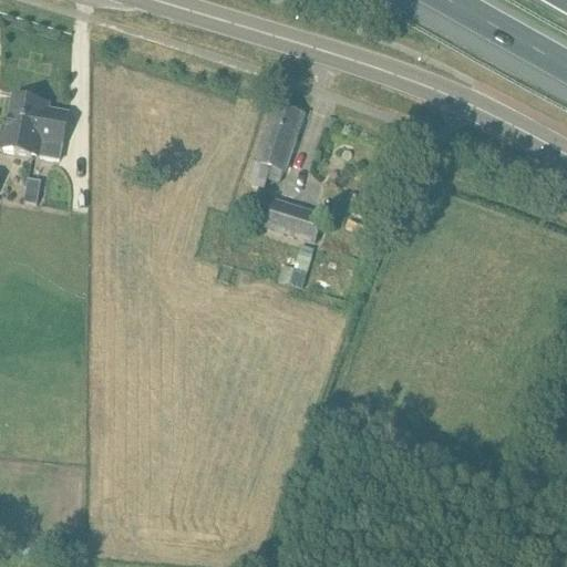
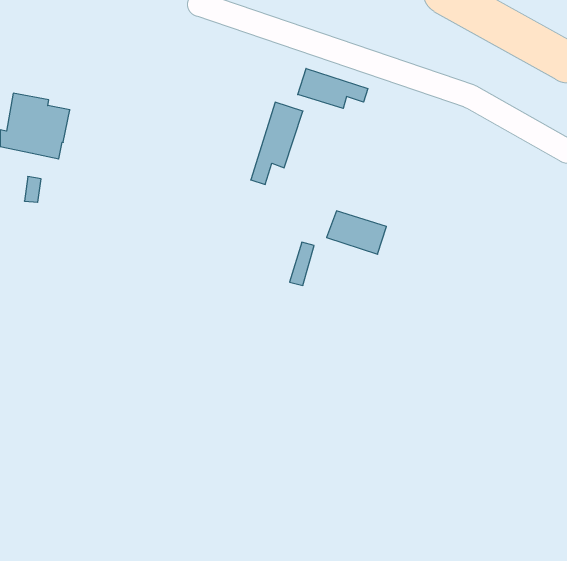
building: none -> [298,68,368,108]
building: [264,198,323,241] -> [327,211,386,254]

